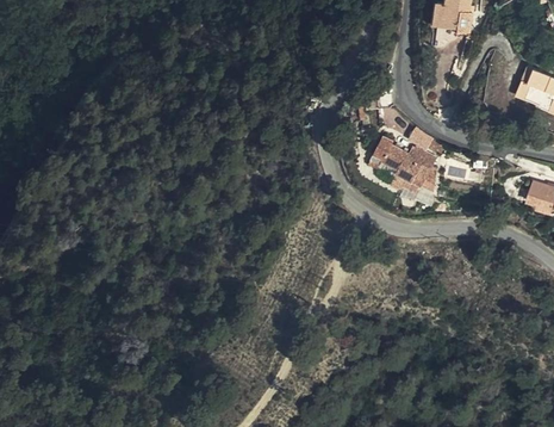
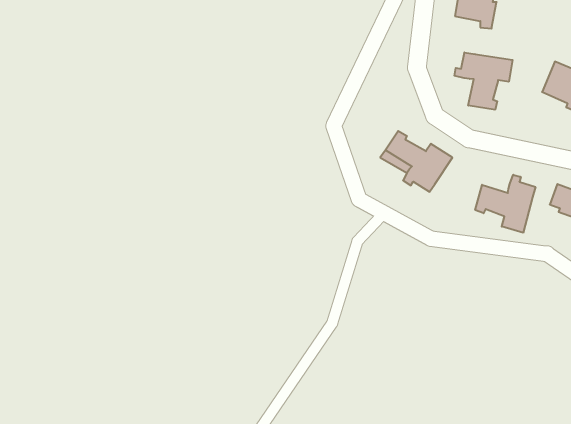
building: none -> [454,52,513,110]
building: none -> [475,175,535,233]

